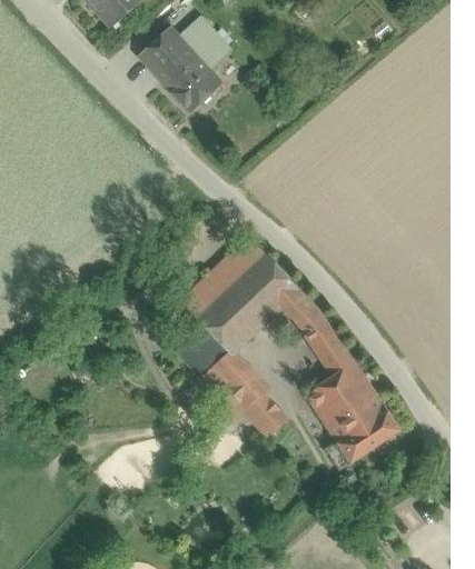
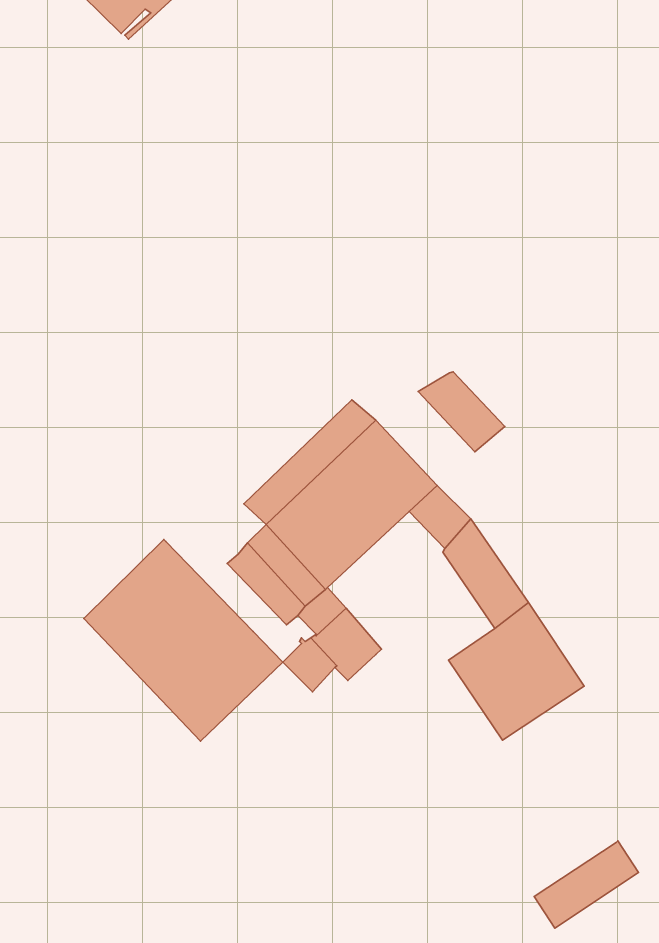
building: [142,13,241,108] -> none
building: none -> [418,372,505,452]
building: none -> [84,539,283,741]
building: [245,393,285,435] -> none
building: [337,411,399,463] -> [534,841,638,928]

